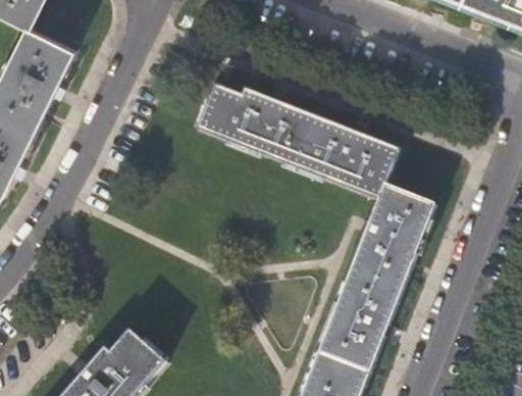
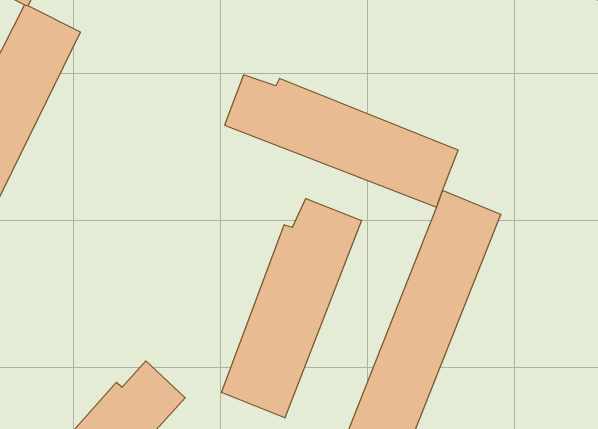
building: none -> [221,199,362,418]

